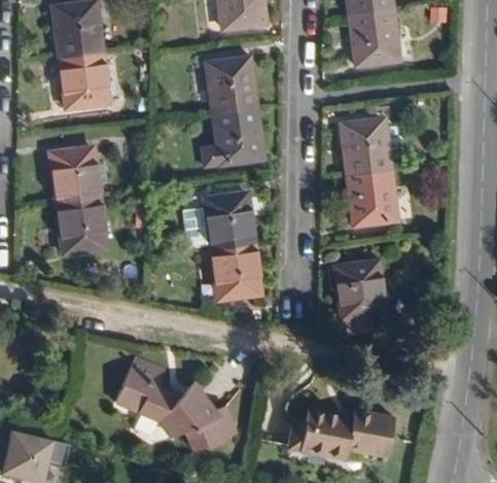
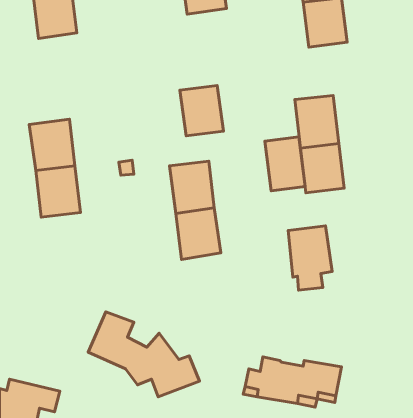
building: [60,50,108,107] -> none
building: [207,58,256,113] -> none
building: none -> [265,137,305,191]

